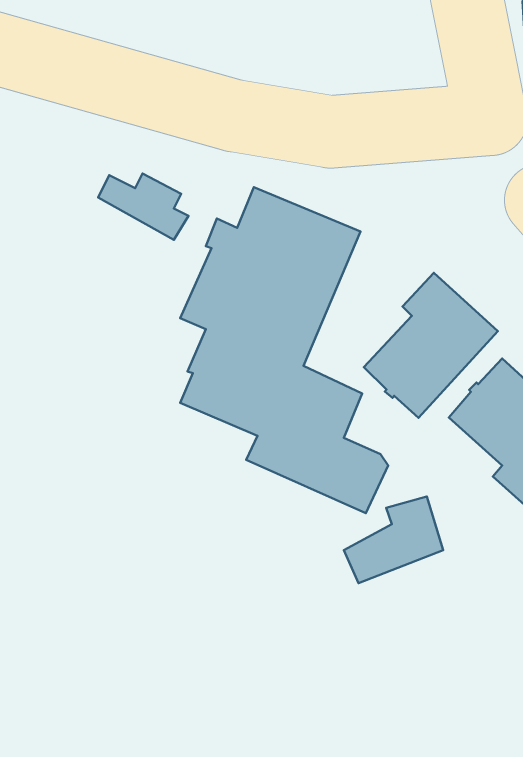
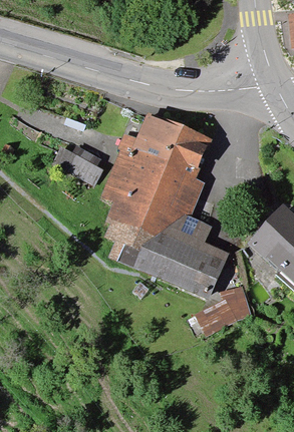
building: [98,173,188,240] -> [52,146,101,182]
building: [364,273,498,418] -> none

